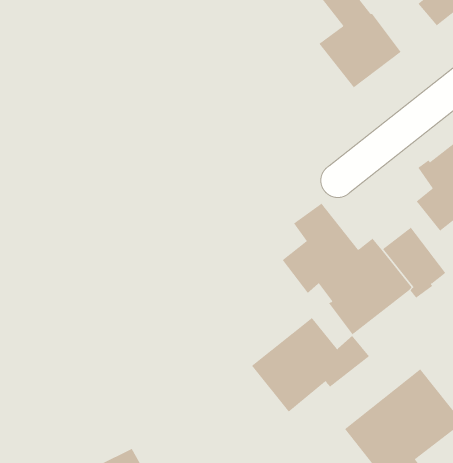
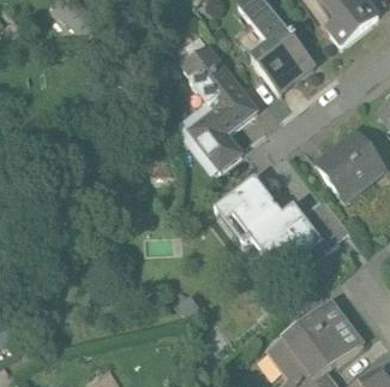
building: none -> [186,47,257,167]
building: [251,317,370,413] -> none

